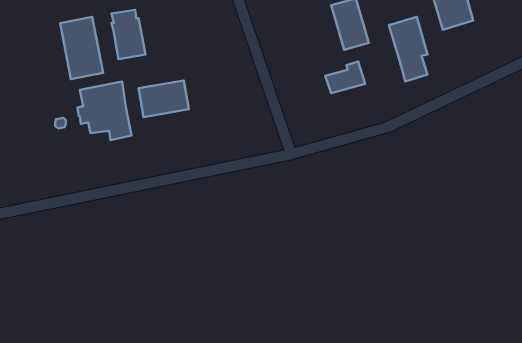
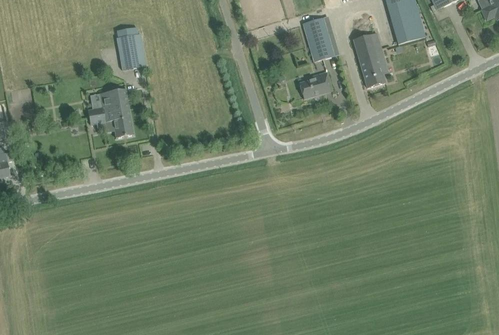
building: [60,17,103,79] -> none
building: [138,80,189,117] -> none

